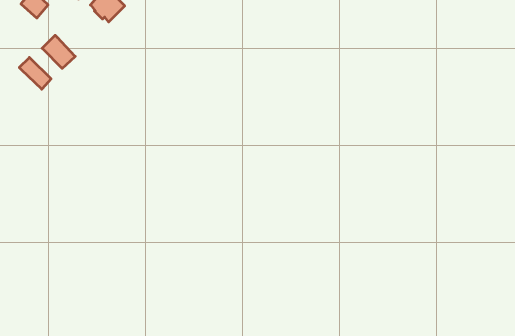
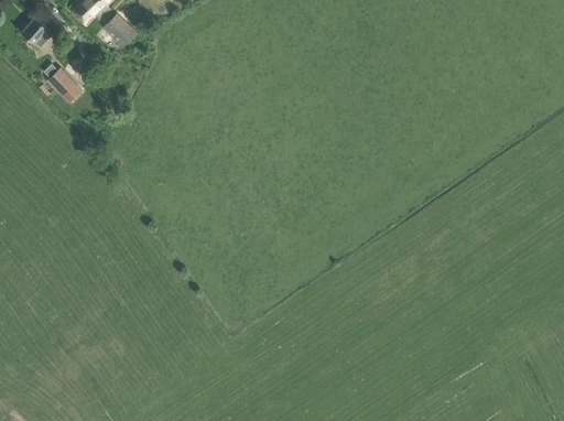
building: [19,57,51,89] -> none

